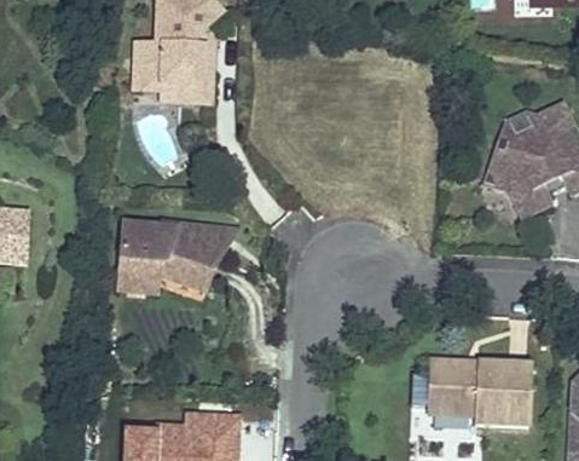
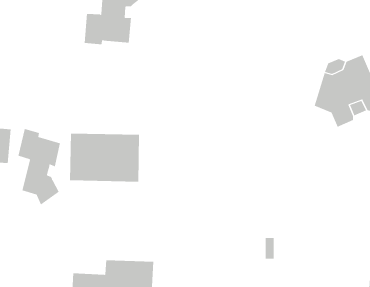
building: [164,25,221,103] -> none
building: none -> [18,128,61,205]
building: [428,358,531,425] -> none

